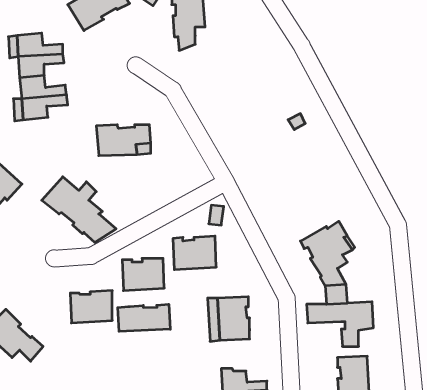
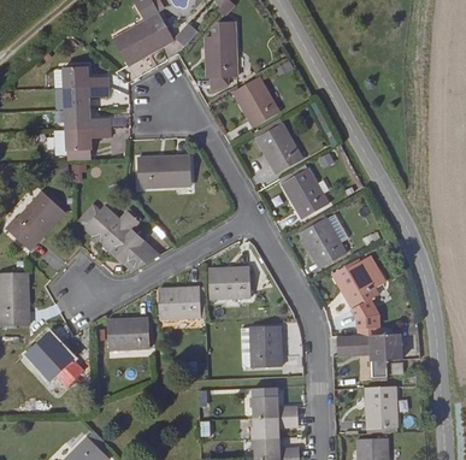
building: none -> [232,72,281,126]
building: none -> [256,118,306,171]
building: none -> [283,163,331,217]
building: none -> [301,212,348,263]
building: [118,304,170,331] -> none

